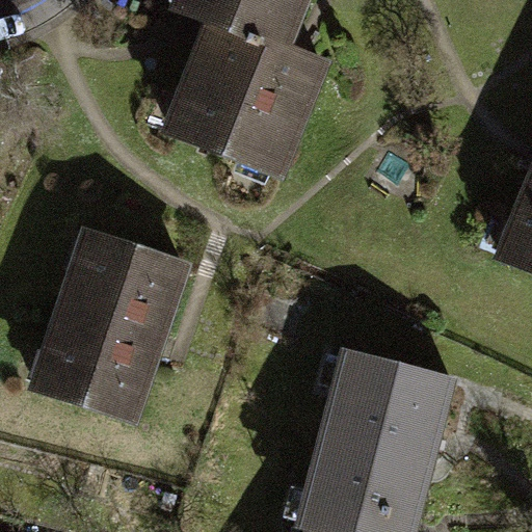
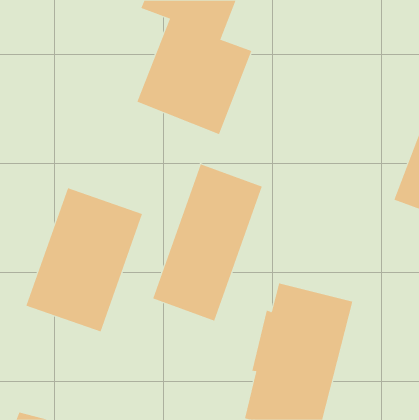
building: none -> [152,164,263,322]

